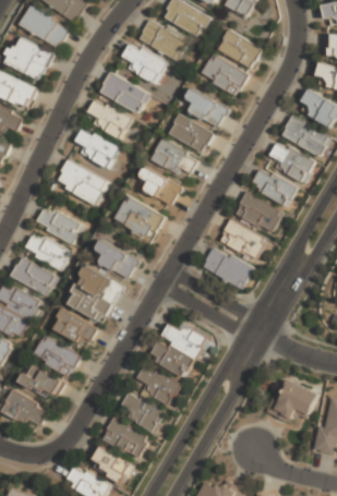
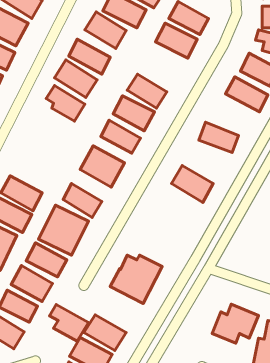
building: [182,88,228,126] -> none
building: [269,141,315,182] -> none
building: [55,158,108,205] -> none
building: [233,191,284,234] -> none
building: [34,203,81,244] -> none
building: [202,247,252,286] -> none
building: [136,363,181,406] -> [50,304,88,341]

